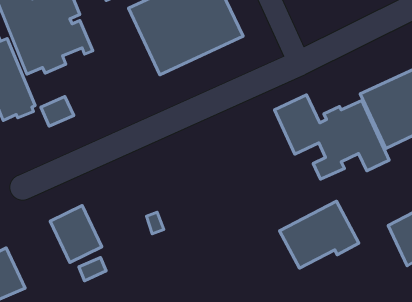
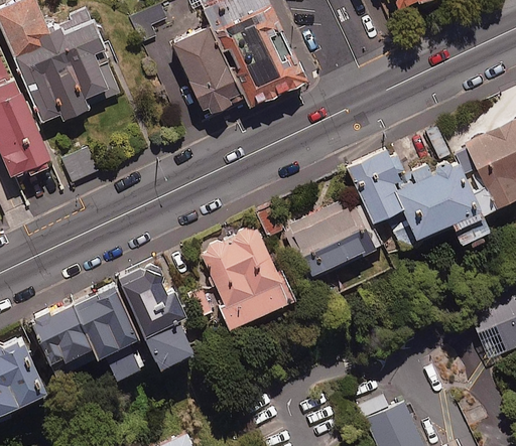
building: none -> [200,228,289,327]
building: none -> [117,264,188,364]
building: [280,201,359,268] -> [284,194,381,276]
building: none -> [30,304,96,374]

